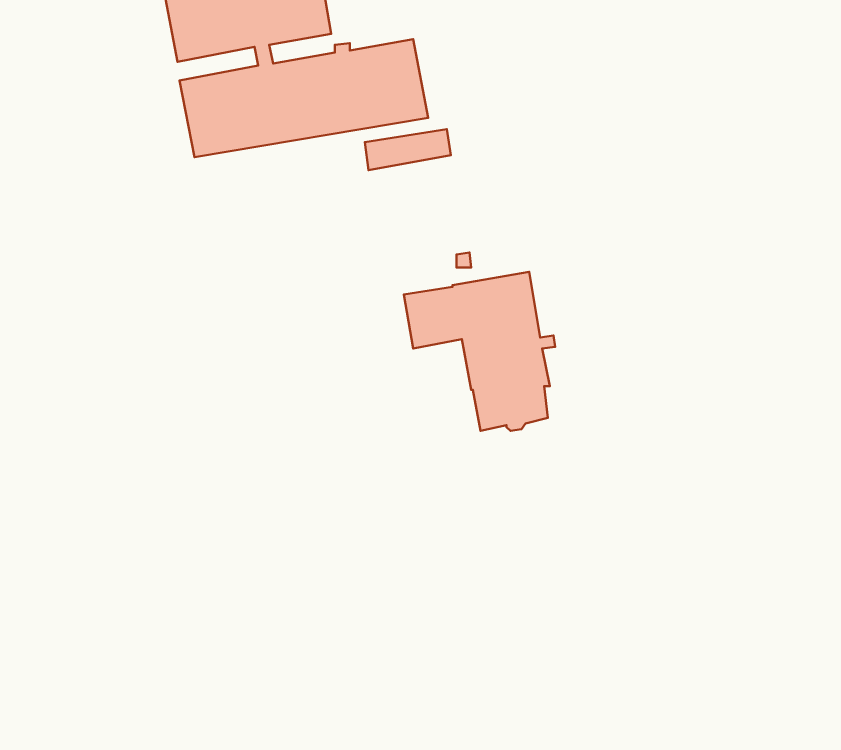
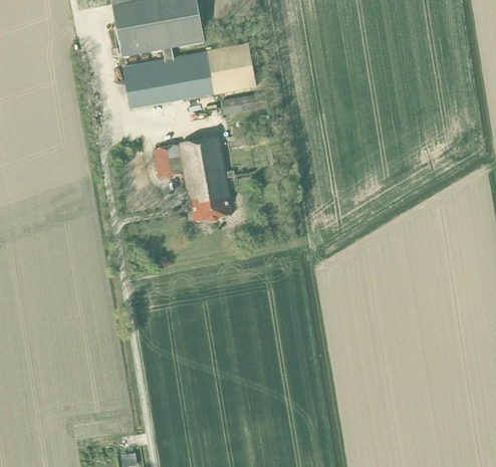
building: [404,272,555,431] -> [153,136,234,221]

